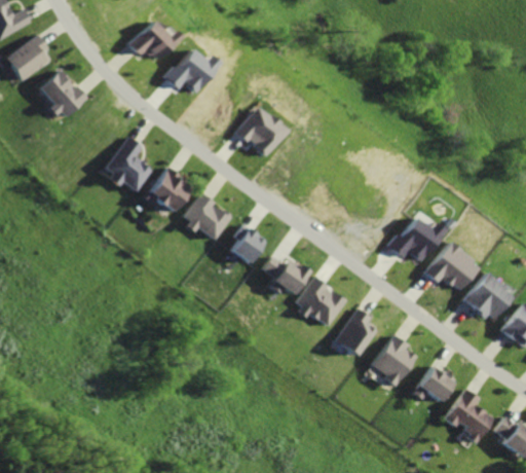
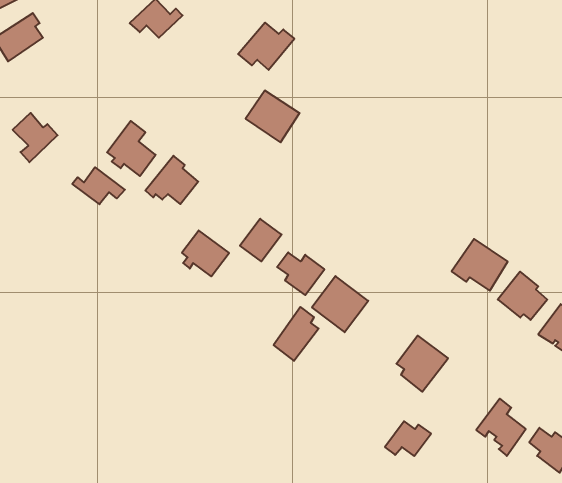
building: [162,50,214,94] -> [238,23,294,70]
building: [48,72,89,117] -> [13,113,58,162]
building: none -> [72,167,125,204]
building: [190,193,233,235] -> [182,230,229,276]
building: [388,217,440,262] -> none
building: [334,308,375,358] -> [274,307,319,361]
building: [412,369,454,401] -> [385,421,431,456]

